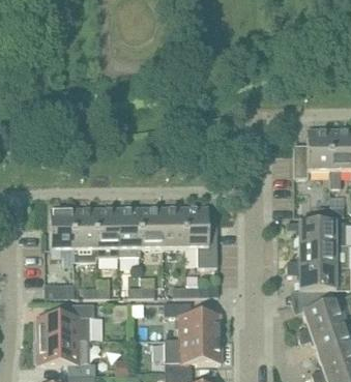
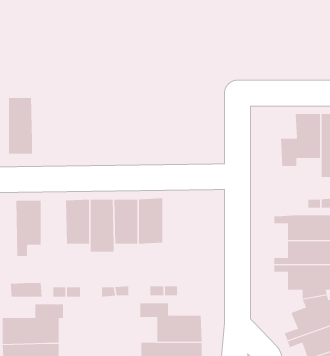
building: [185,206,217,267] -> none
building: [74,208,96,260] -> [8,98,33,154]

